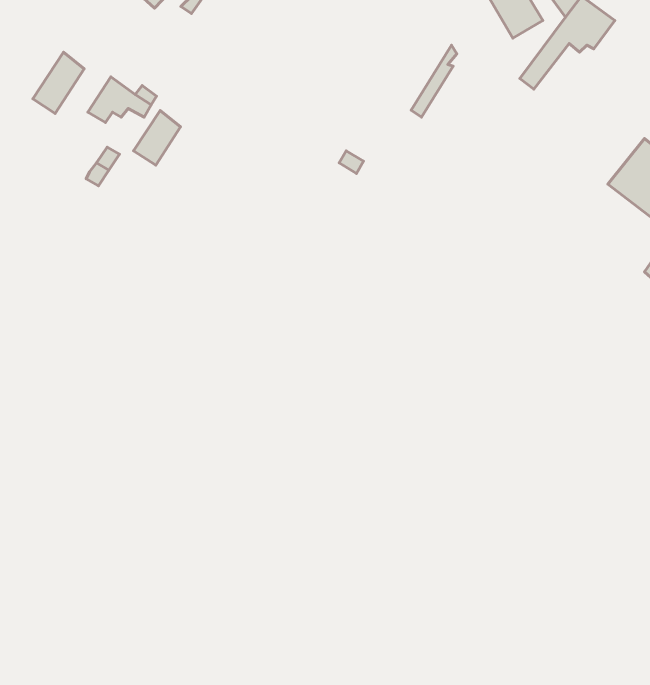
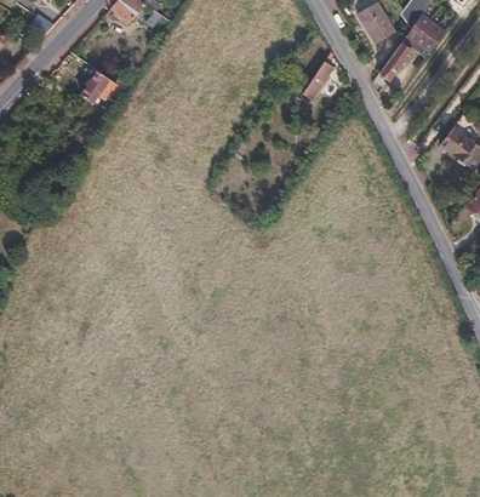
building: [33,52,84,114] -> none
building: [134,111,181,165] -> none

